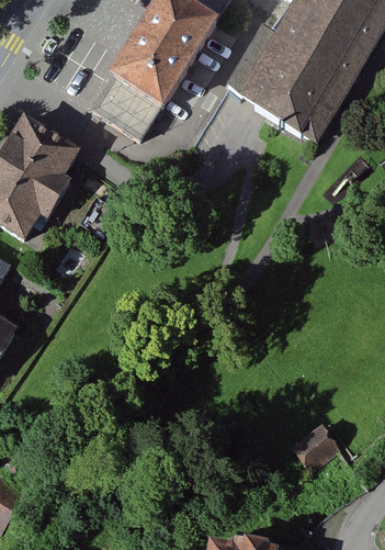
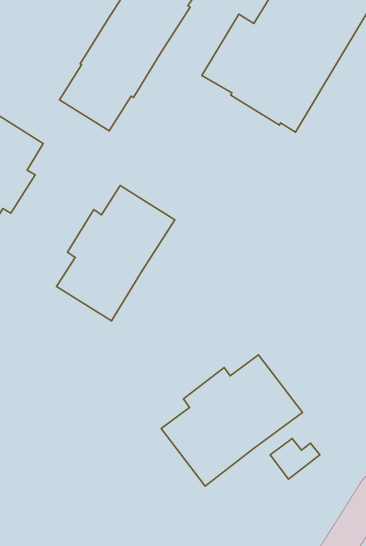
building: none -> [56,186,175,321]
building: none -> [161,355,303,486]

